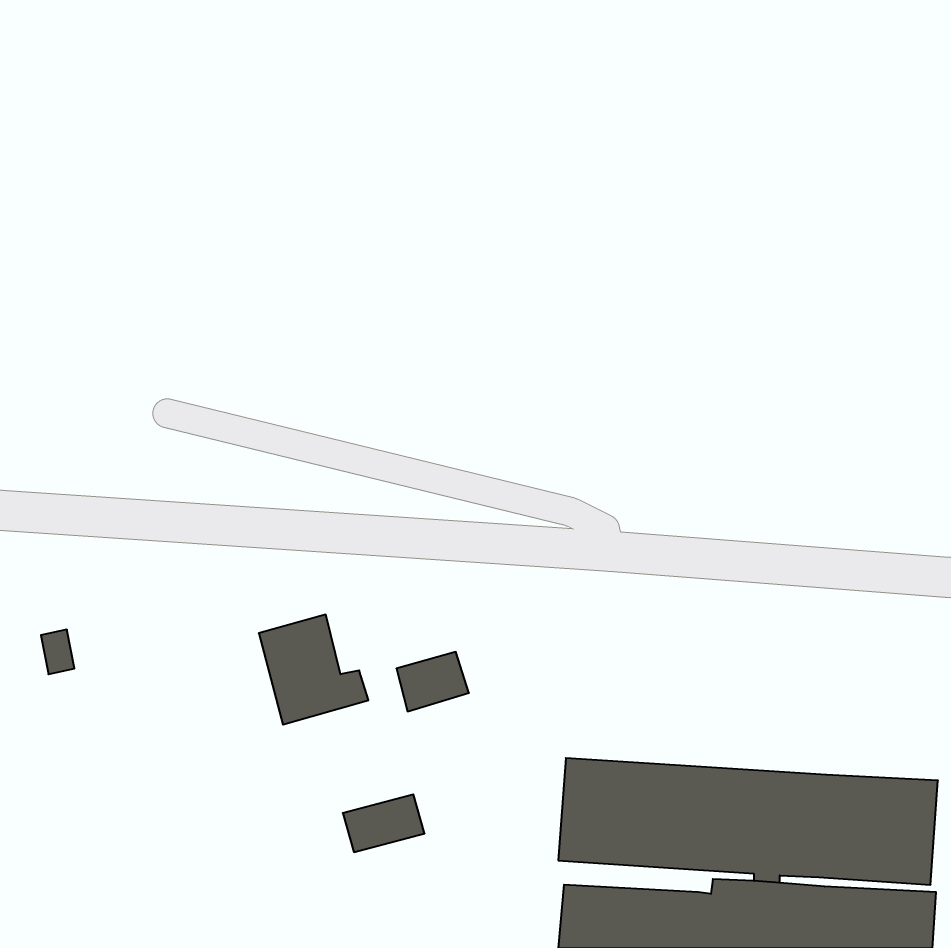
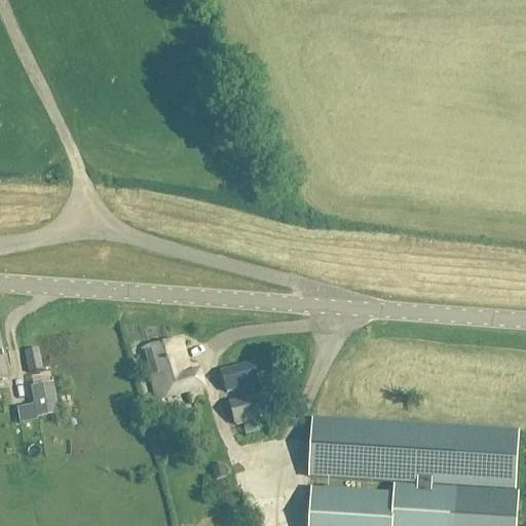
building: none -> [29,381,59,417]
building: [343,794,425,852] -> [228,390,273,422]

